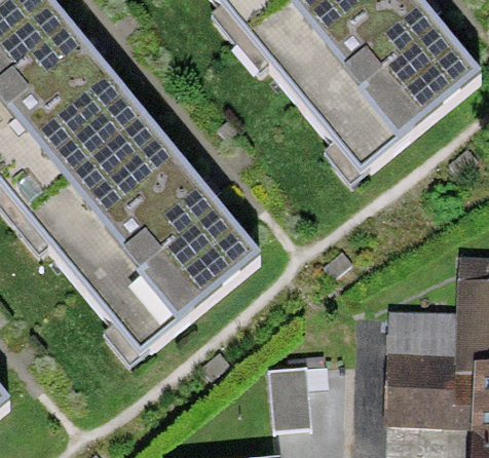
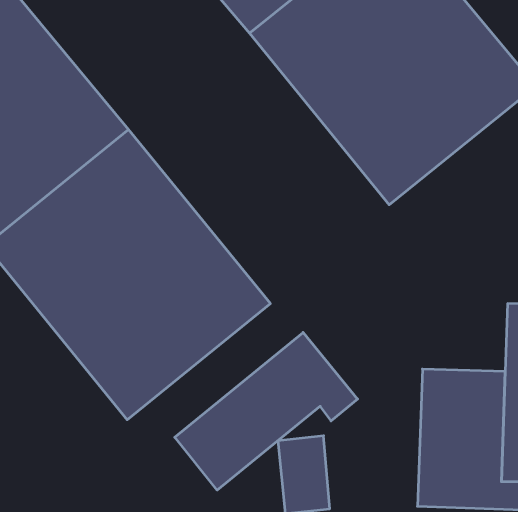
building: none -> [175,332,358,490]

